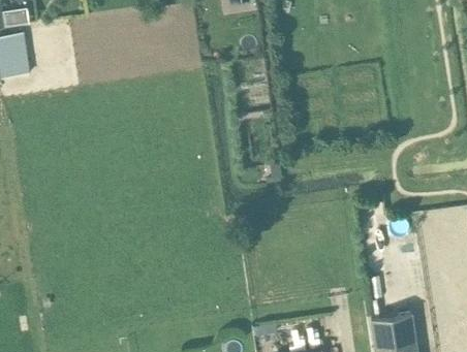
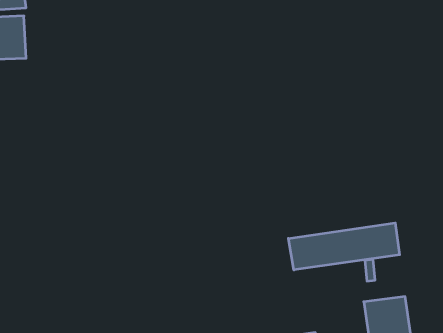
building: none -> [288,223,400,270]

